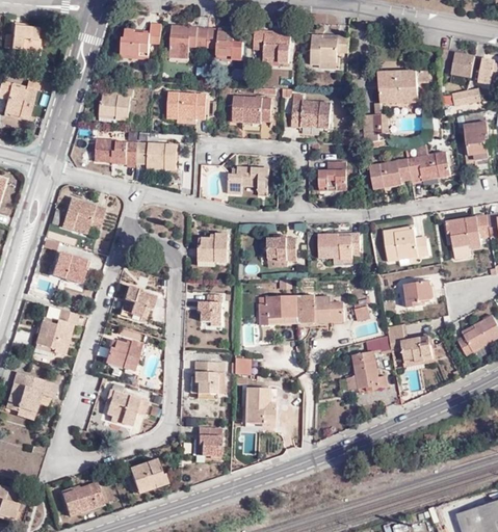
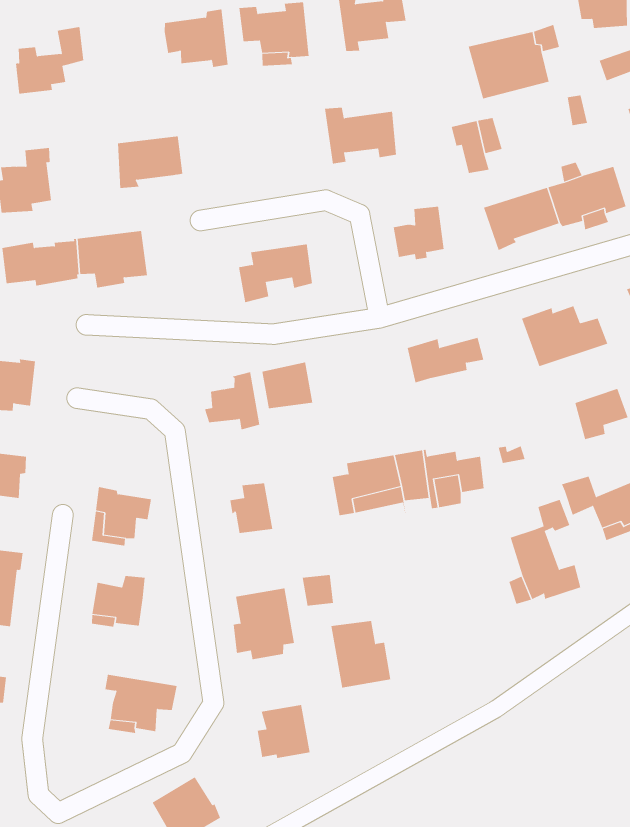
building: [168,24,206,58] -> none
building: [232,97,270,123] -> none
building: [265,241,291,265] -> [262,362,313,409]

